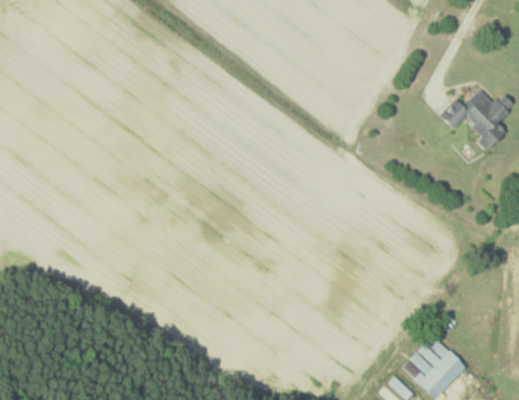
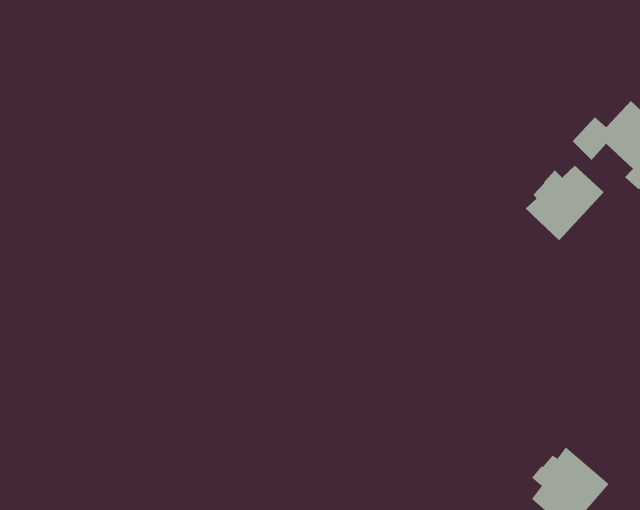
building: none -> [525,165,604,241]

